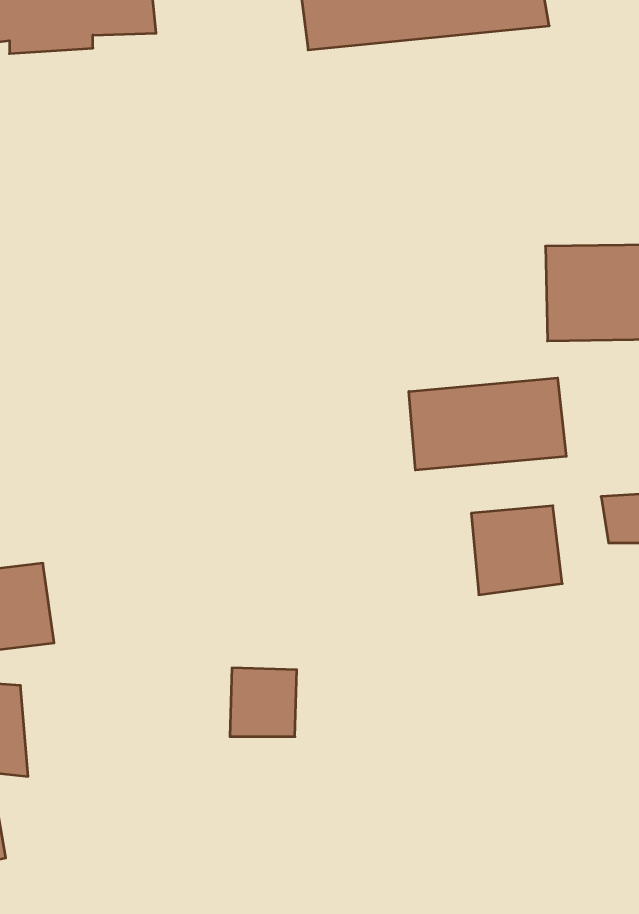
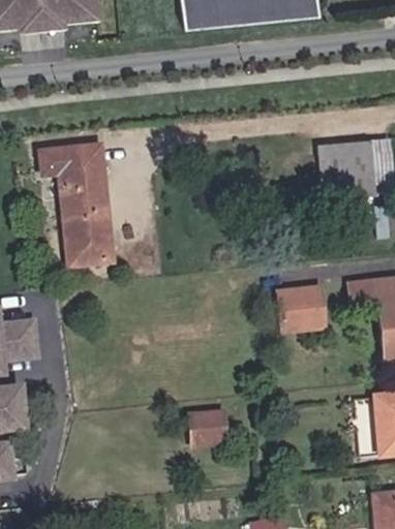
building: none -> [39,145,117,269]
building: [409,378,566,470] -> none
building: [230,668,297,737] -> [186,406,223,444]

